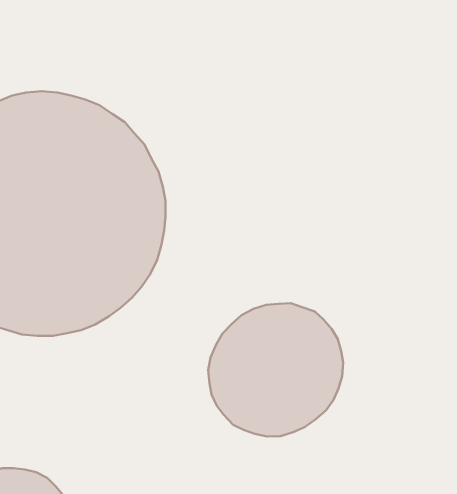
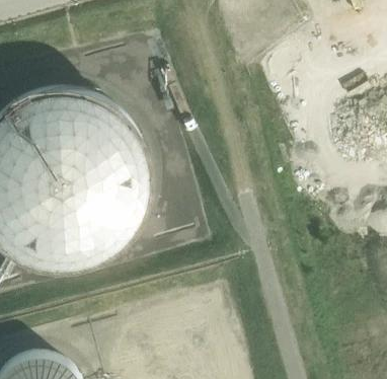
building: [208,303,343,436] -> none

